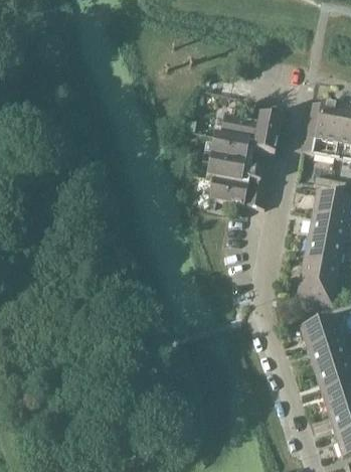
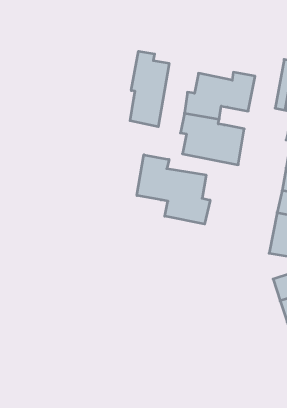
building: none -> [130,51,169,127]
building: none -> [137,155,210,224]

